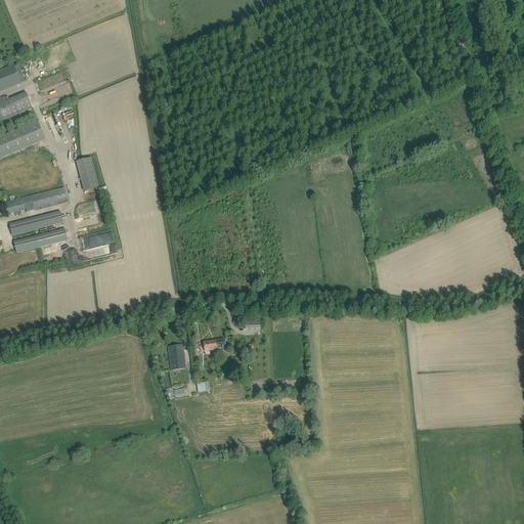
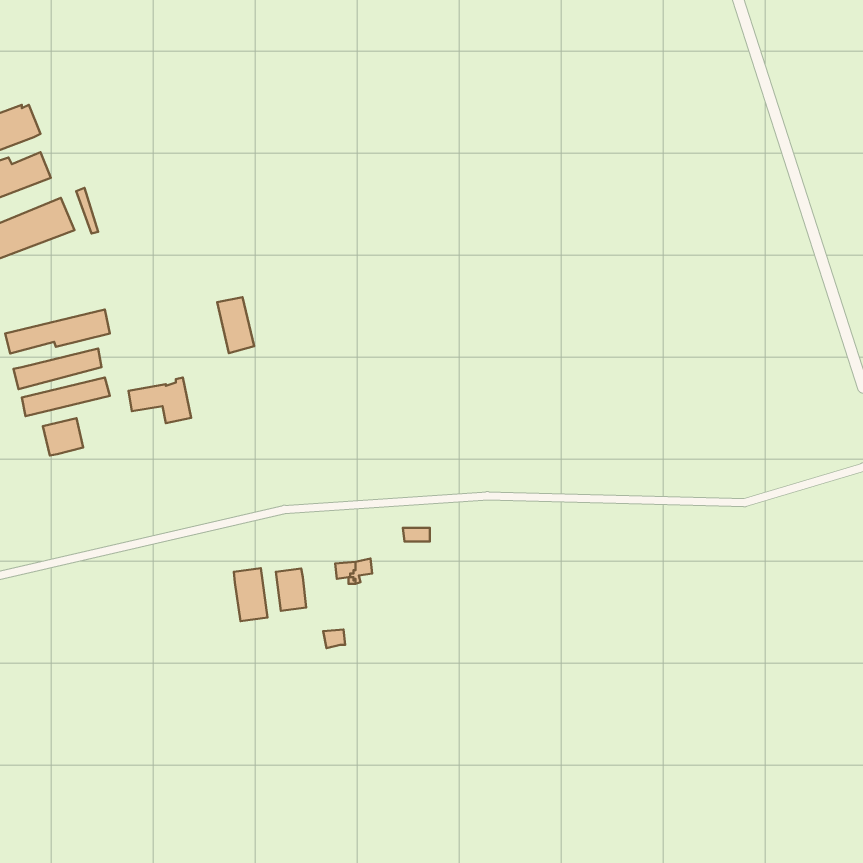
building: [75,157,97,190] -> [217,297,254,353]
building: none -> [43,418,83,455]
building: none -> [234,568,267,621]

